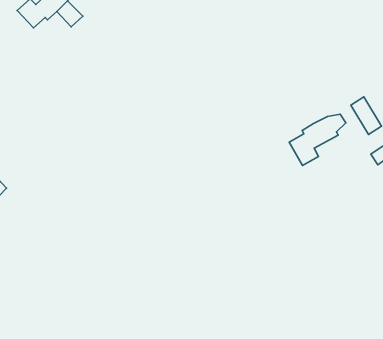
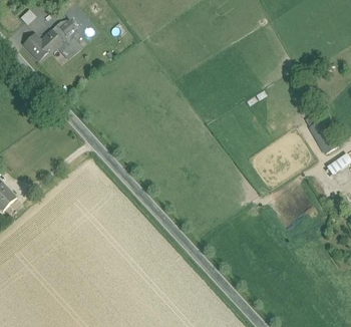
building: [289,114,346,166] -> none

